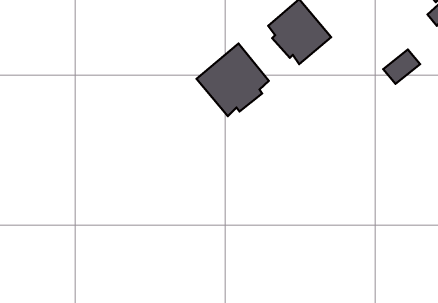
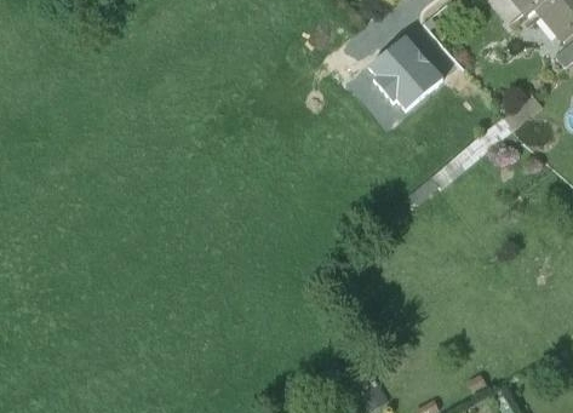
building: [196,43,269,116] -> none

